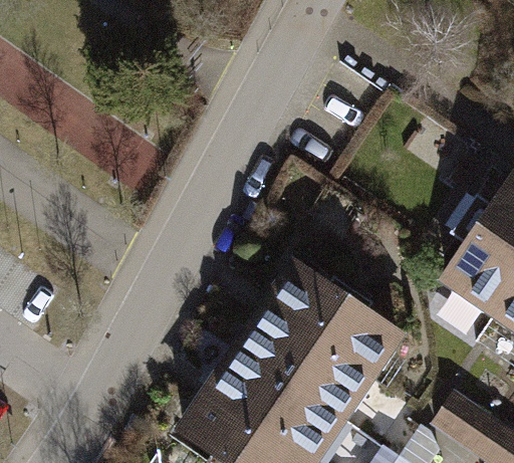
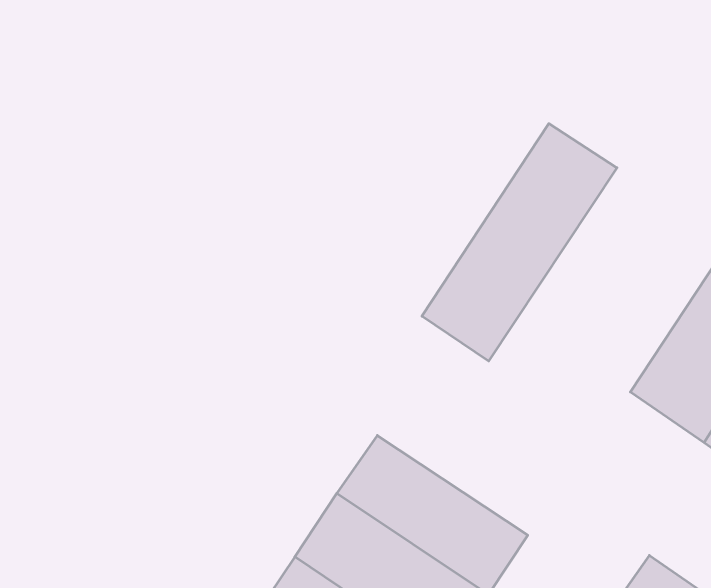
building: none -> [422,124,617,361]
building: [267,266,402,380] -> none

